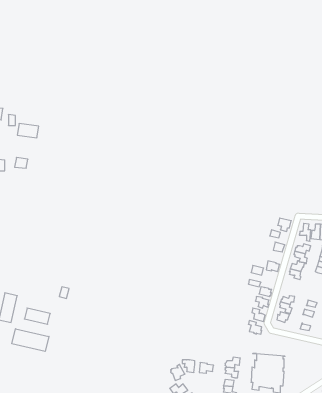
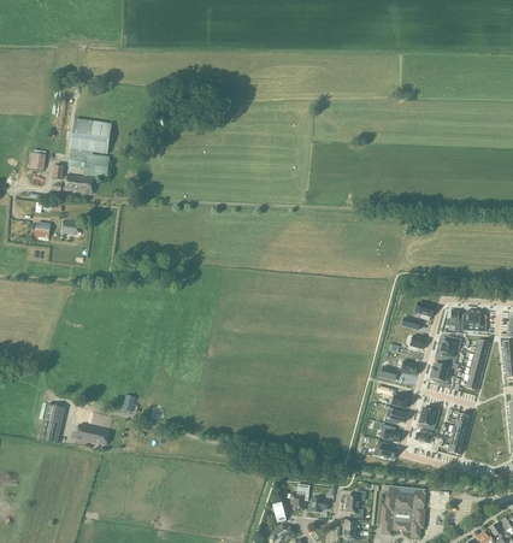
building: none -> [67,118,112,178]
building: [12,329,49,351] -> none

